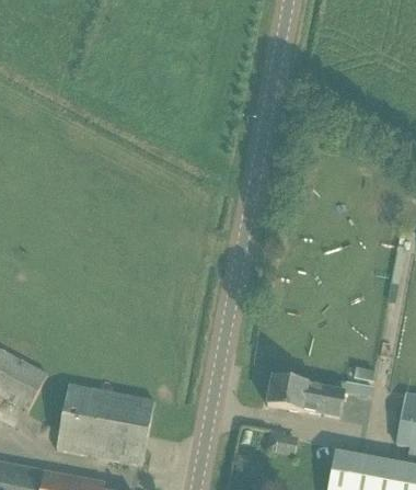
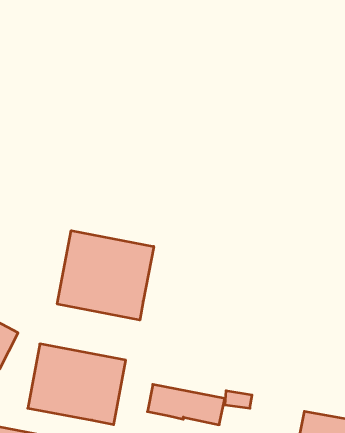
building: none -> [57,231,154,320]
building: [266,376,344,417] -> [147,384,225,425]

